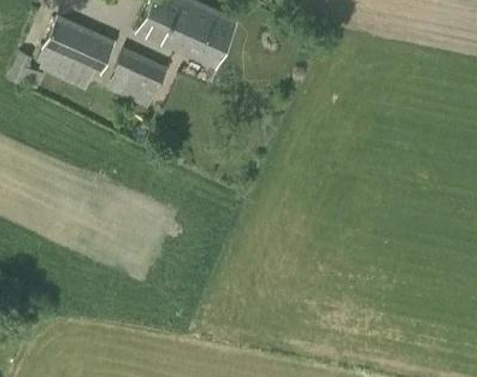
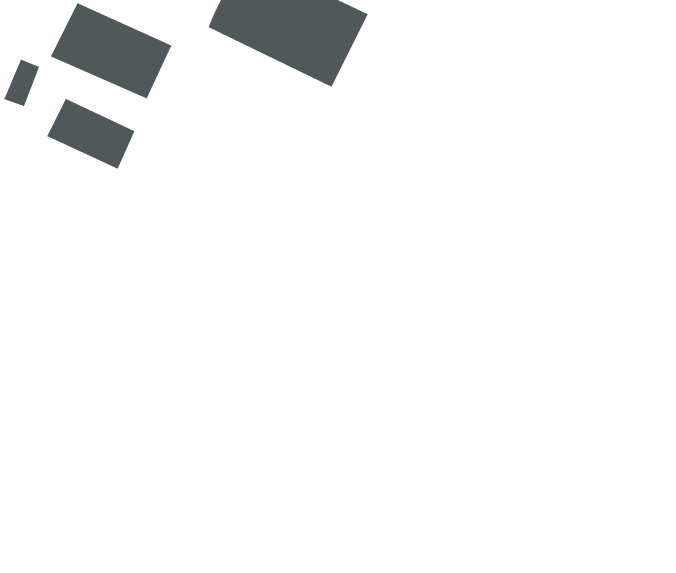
building: [112,51,167,95] -> [46,98,136,170]

